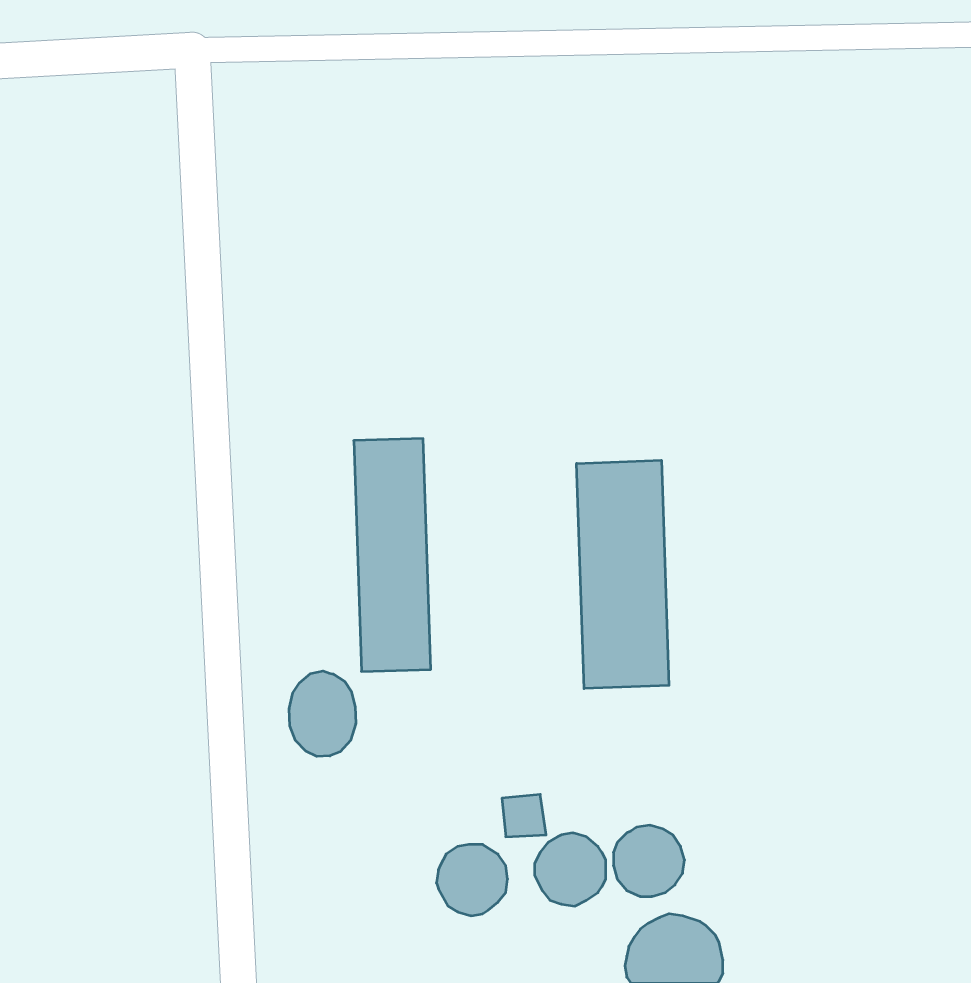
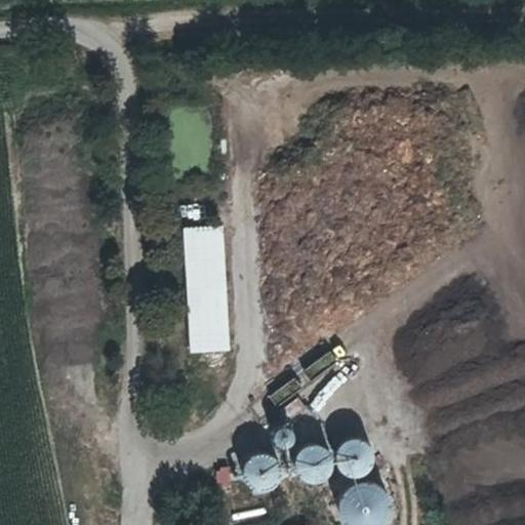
building: [577,460,669,689] -> none
building: [289,671,356,756] -> none

